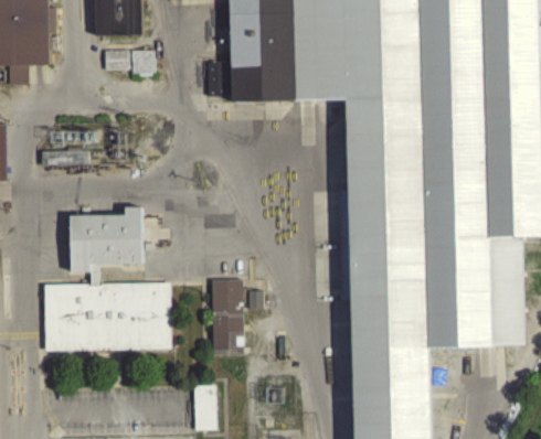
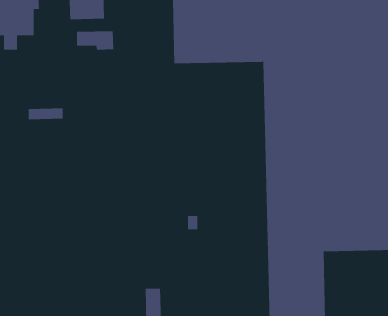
building: [44,205,170,350] -> none
building: [210,278,242,353] -> none

